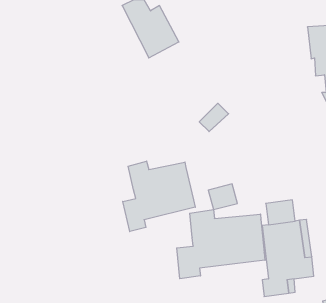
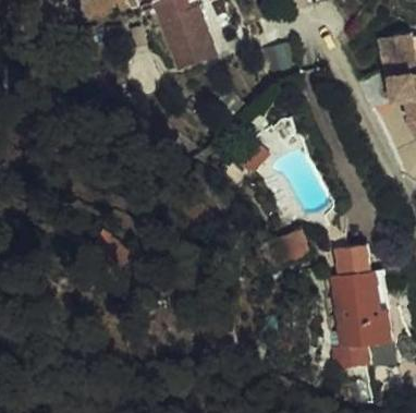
building: [123,161,195,232] -> none
building: [177,210,265,279] -> none

